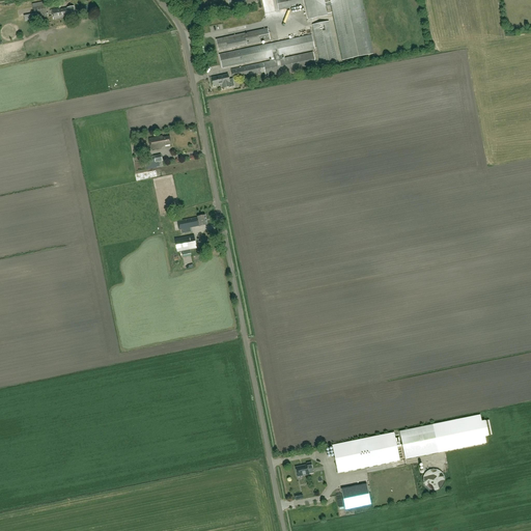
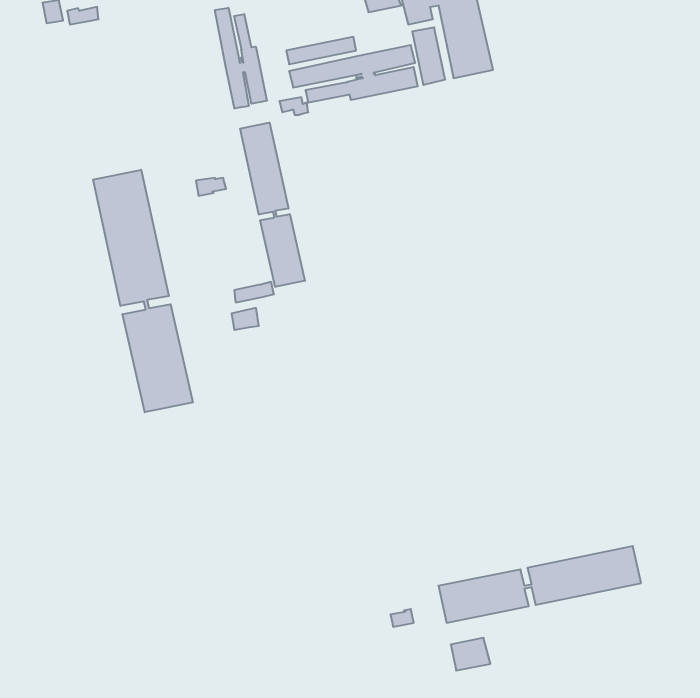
building: none -> [215,8,267,109]
building: none -> [240,123,305,287]
building: none -> [93,170,193,412]

